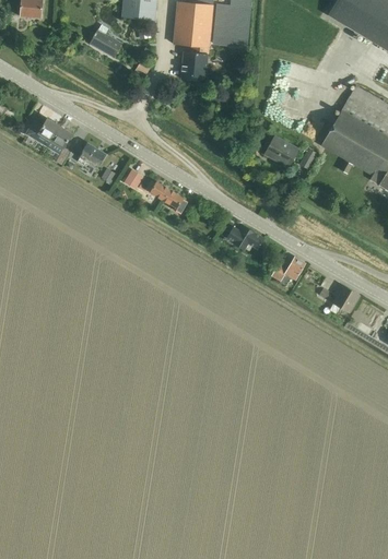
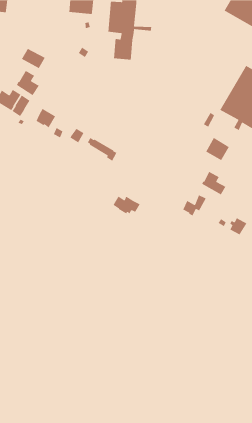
building: [89,28,121,57] -> [21,48,46,69]
building: none -> [16,70,40,96]
building: [264,134,297,166] -> [205,137,230,161]
building: [225,225,262,250] -> [112,195,141,215]
building: none -> [201,171,227,195]

